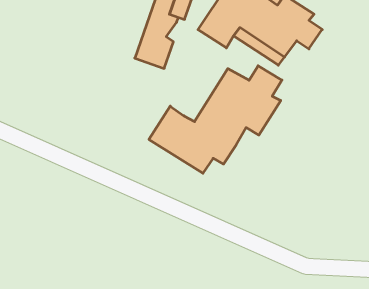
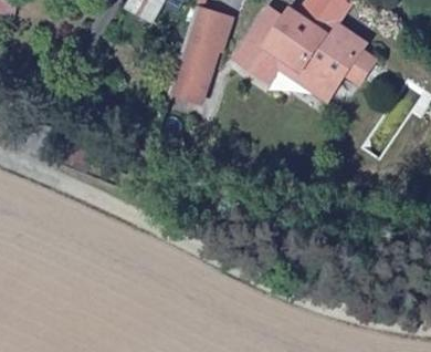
building: [149,66,282,173] -> none

